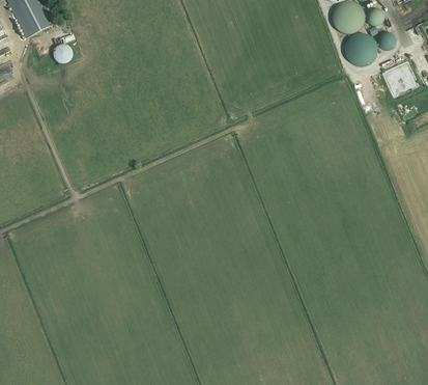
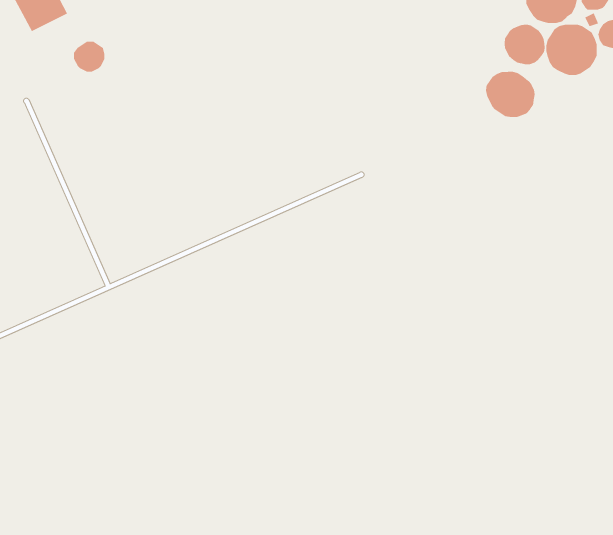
building: none -> [504,24,546,65]
building: none -> [485,71,535,118]

